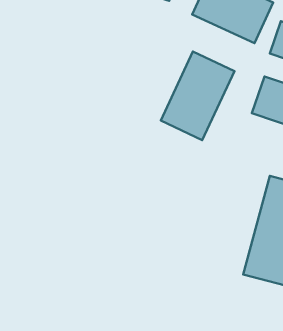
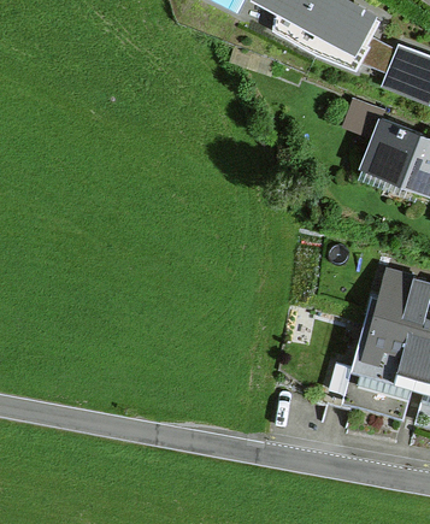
building: [161,52,234,140] -> none

